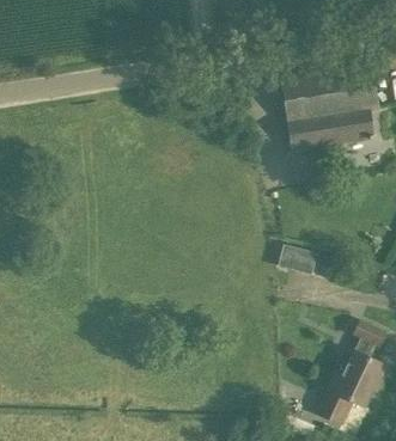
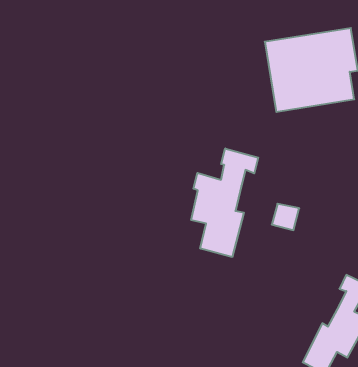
building: none -> [191,148,258,257]

